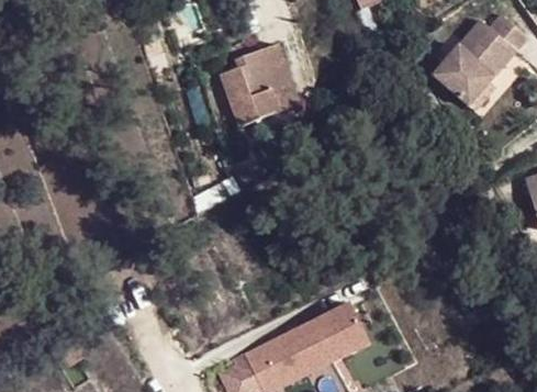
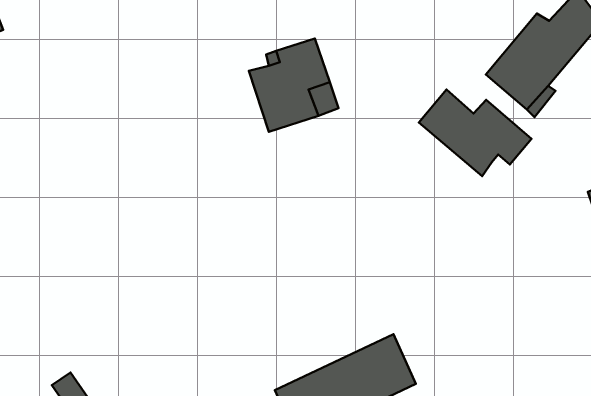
building: none -> [419,89,531,176]

